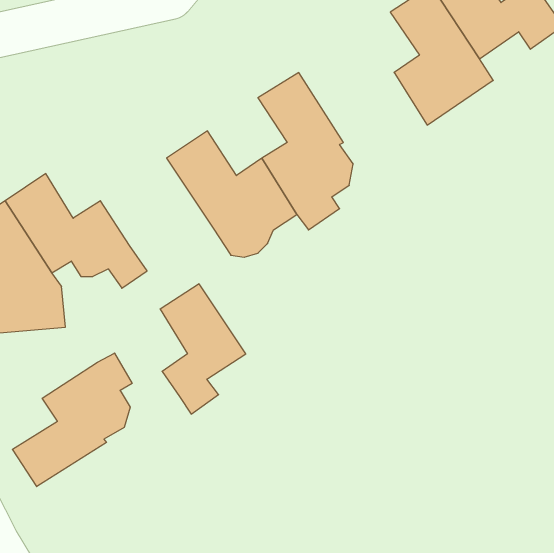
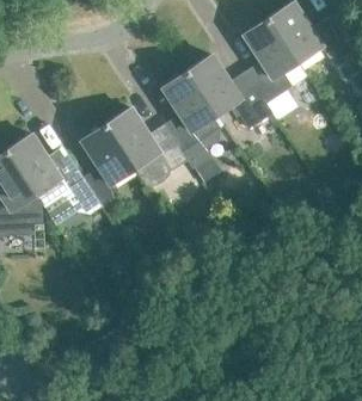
building: none -> [186,55,271,129]
building: [160,284,246,414] -> [81,124,134,204]
building: [12,353,132,487] -> none

